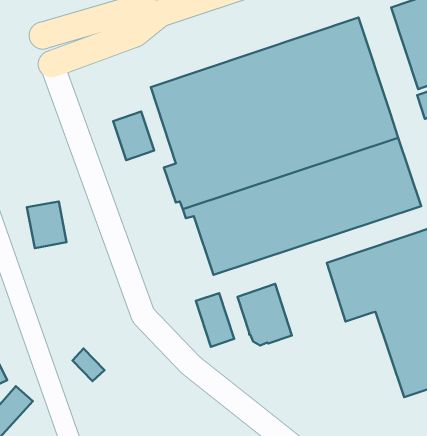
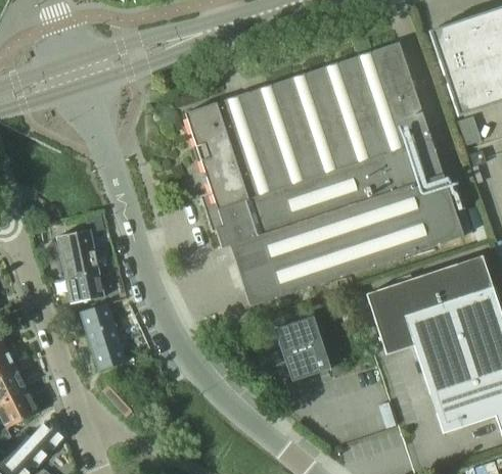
building: [113,112,154,160] -> none
building: none -> [66,272,104,304]
building: none -> [83,304,125,369]
building: [196,293,234,347] -> none

